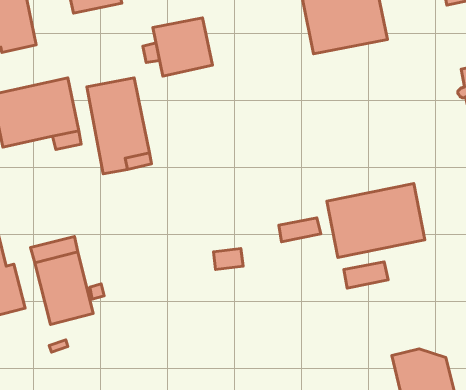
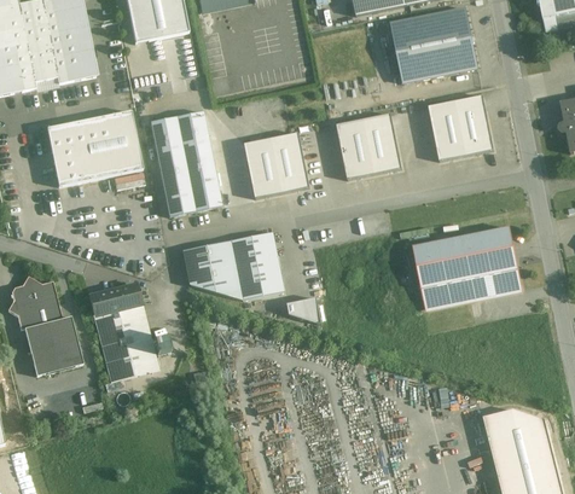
building: [153,18,212,76] -> [240,133,306,197]
building: none -> [426,94,493,159]
building: none -> [336,115,400,178]
building: none -> [182,231,284,298]
building: [279,218,321,242] -> none
building: [344,262,388,288] -> none

